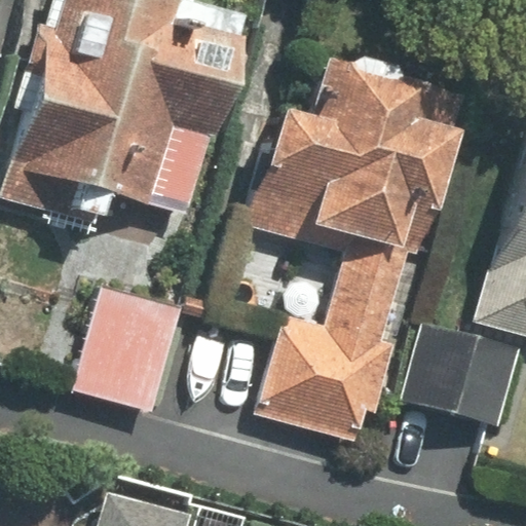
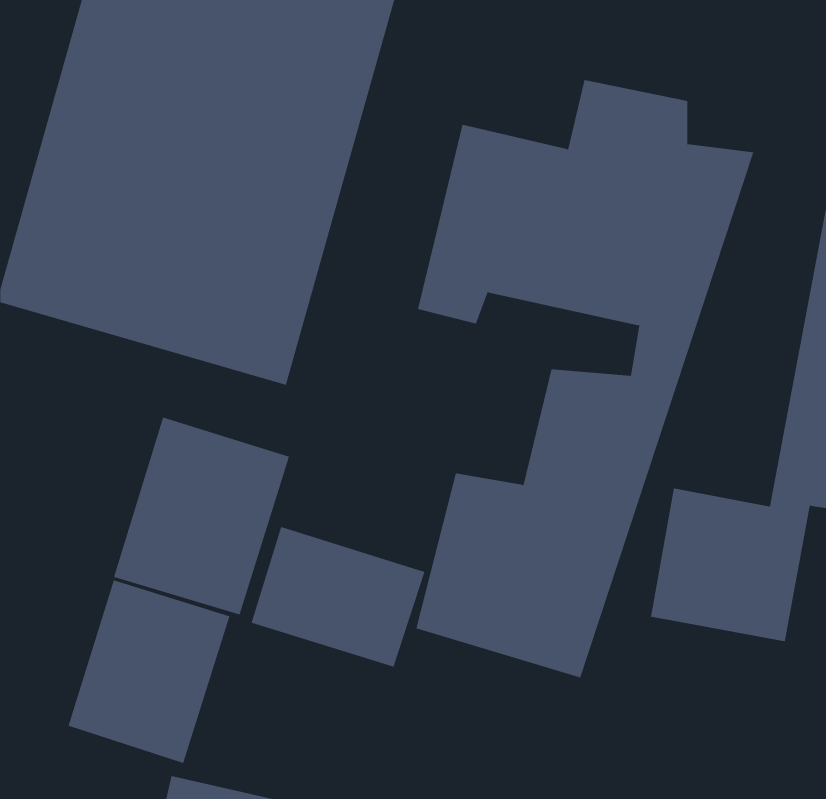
building: none -> [251,526,425,668]
building: none -> [68,579,230,764]

